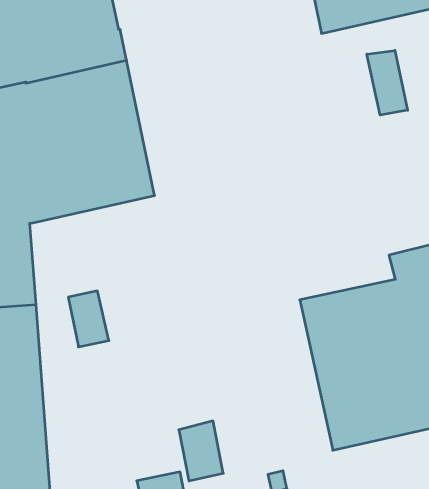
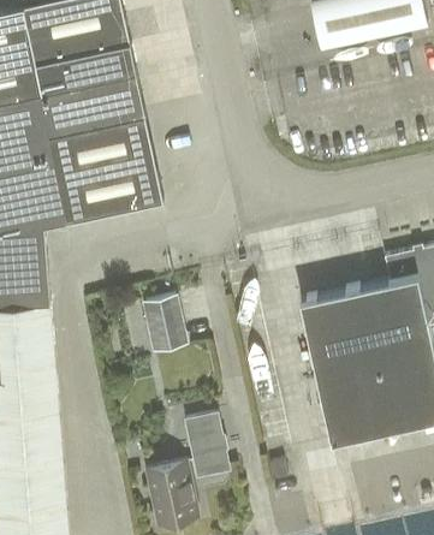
building: [367,50,408,115] -> none
building: [68,291,109,347] -> [147,299,185,352]

